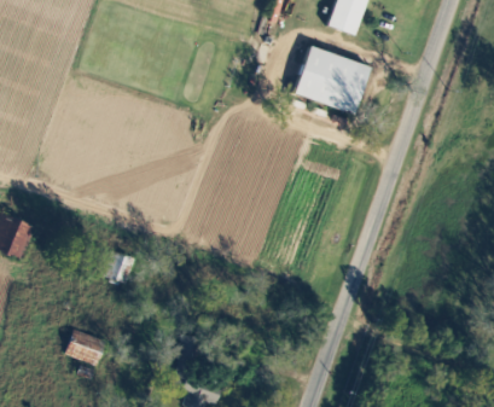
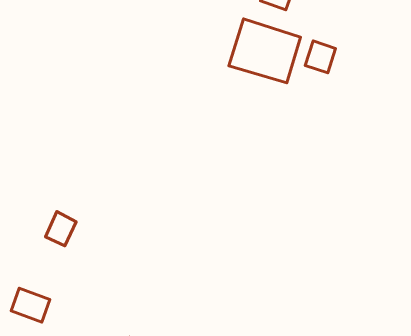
building: none -> [305,41,336,73]

